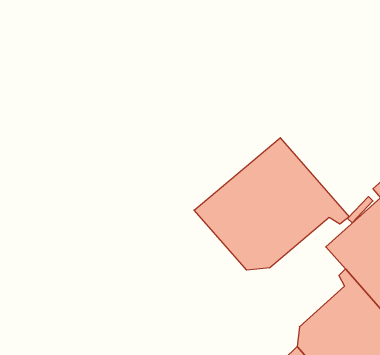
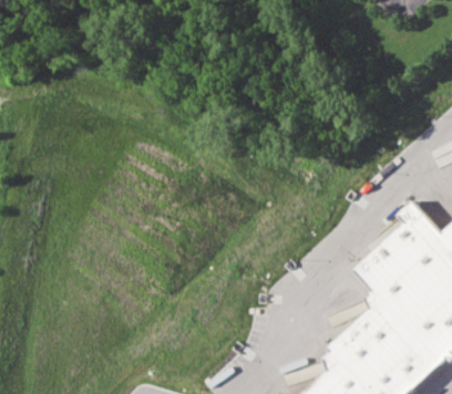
building: [194,138,349,270] -> none

